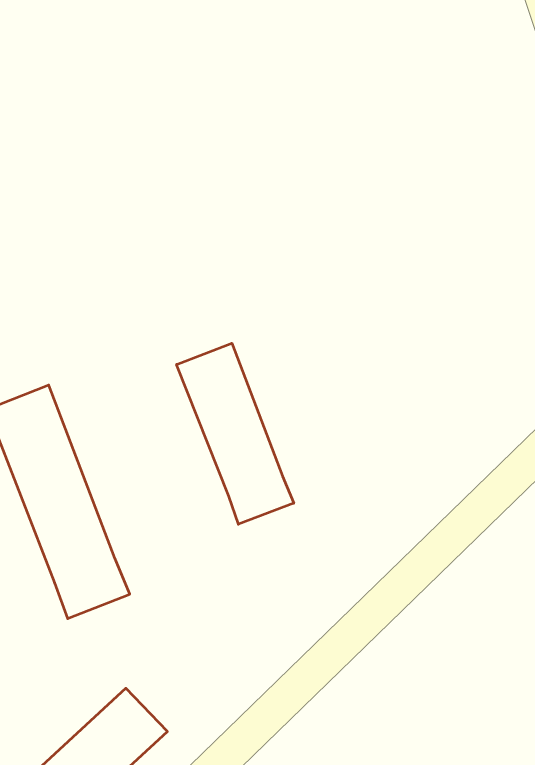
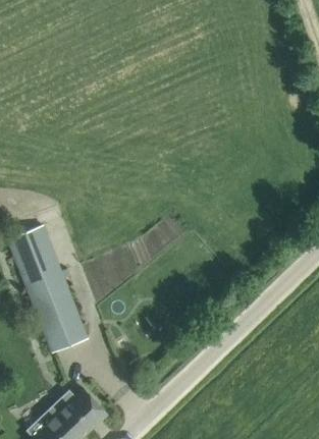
building: [177,343,294,524] -> none

